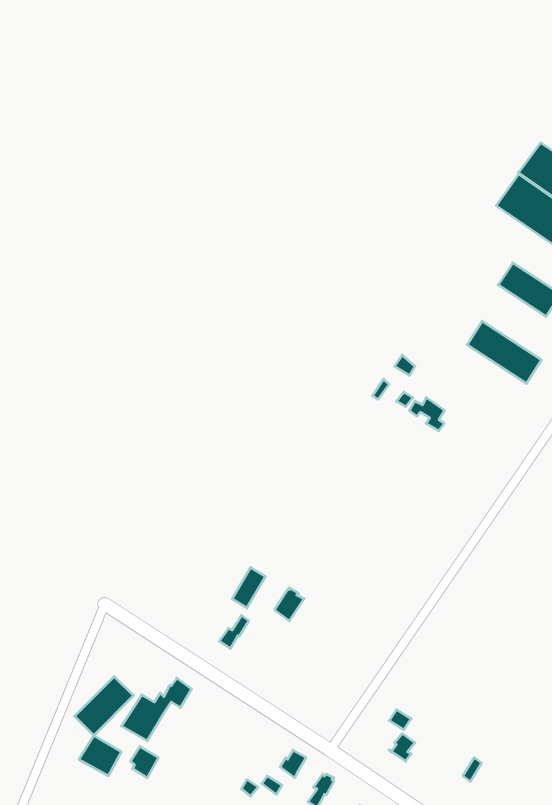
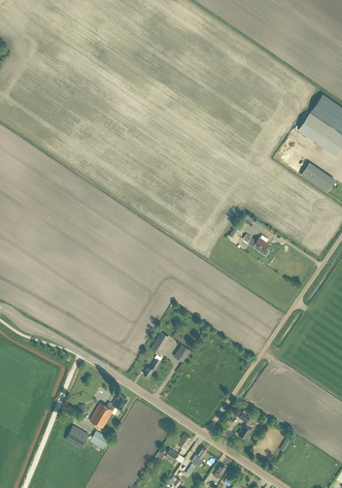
building: [467,321,541,384] -> none
building: [74,676,134,735] -> none

